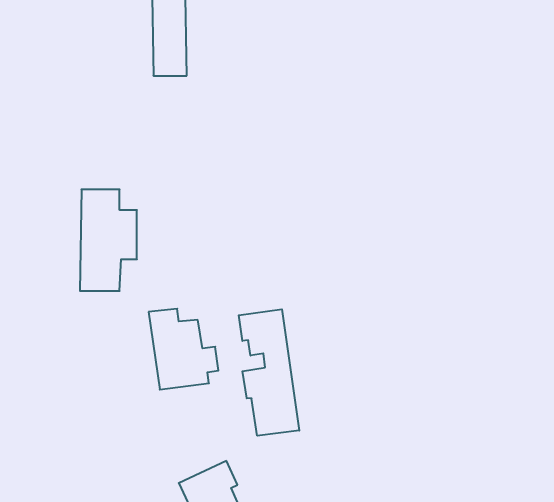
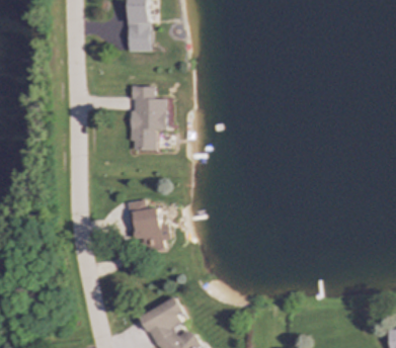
building: [80,189,137,291] -> [129,85,165,150]
building: [239,309,299,436] -> none

